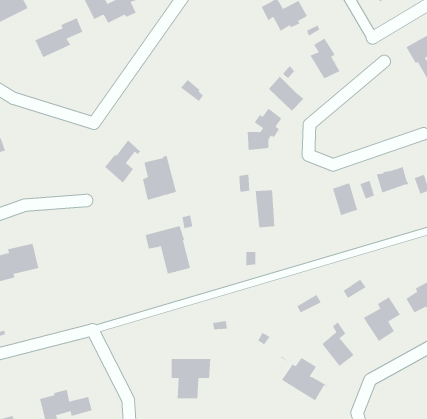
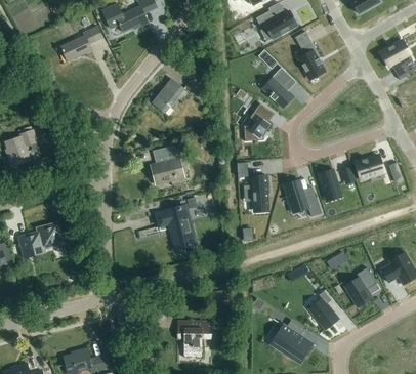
building: [104,139,141,183] -> [153,79,184,117]
building: none -> [284,180,322,216]

